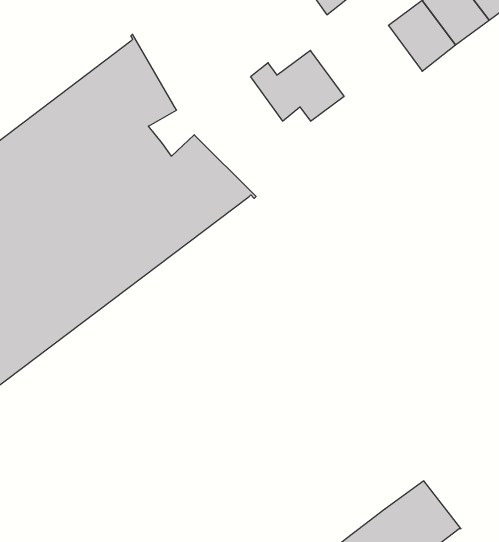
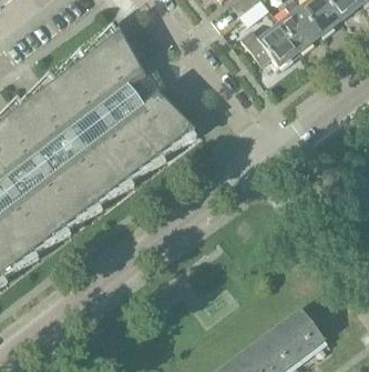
building: [251,50,344,121] -> [240,23,299,68]

